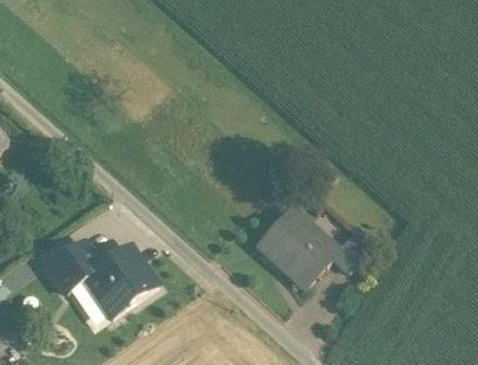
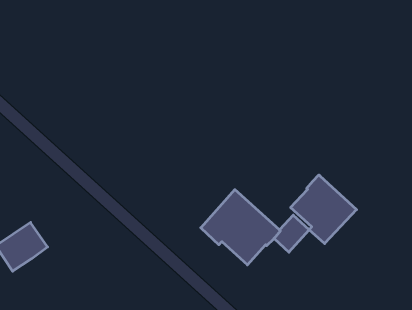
building: none -> [291,175,357,244]
building: [83,247,155,317] -> none

